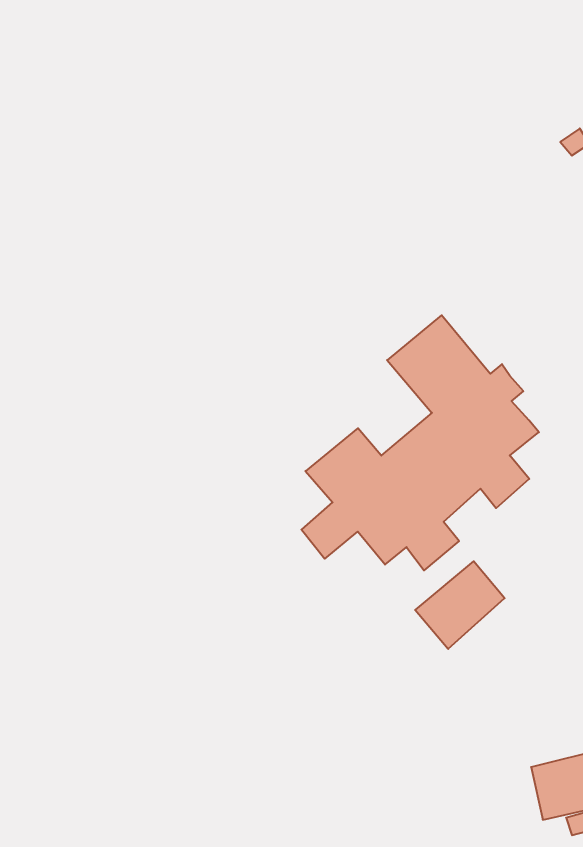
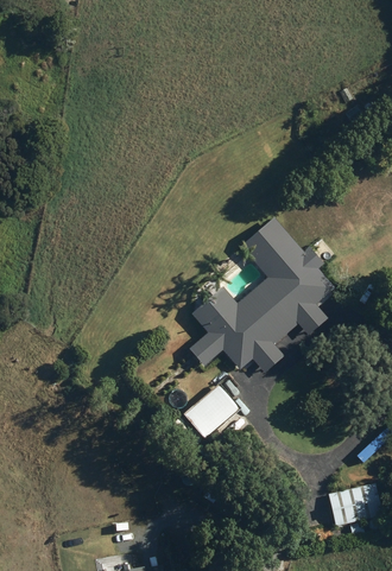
building: [415,561,505,649] -> [186,385,241,438]

